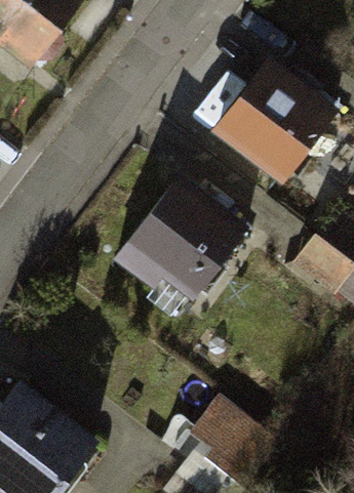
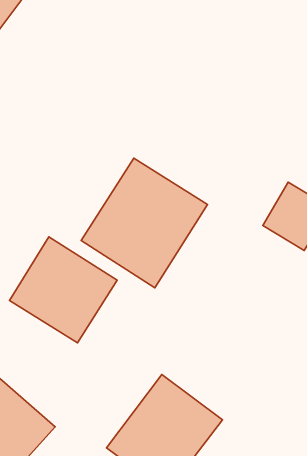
building: [214,58,342,177] -> none
building: none -> [10,237,117,343]

